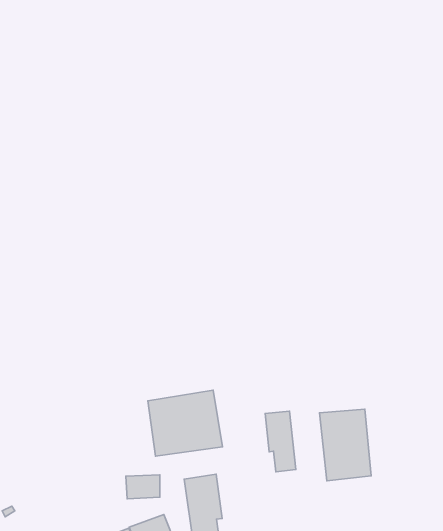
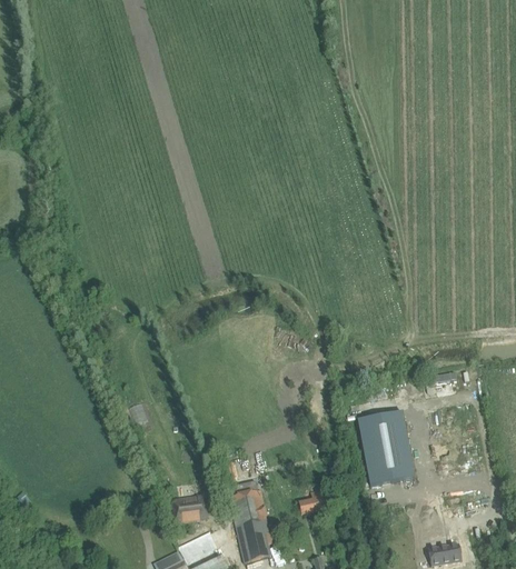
building: [148,390,222,456] -> none
building: [265,411,296,472] -> none

